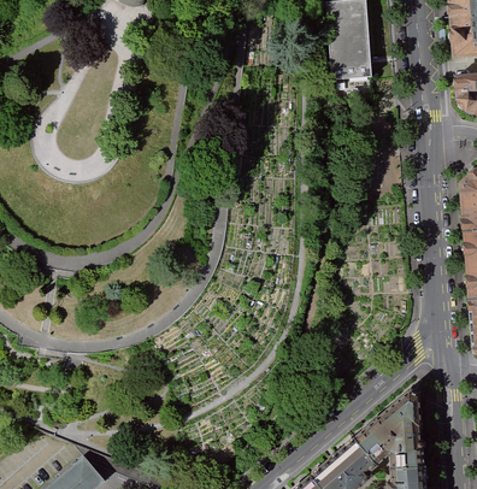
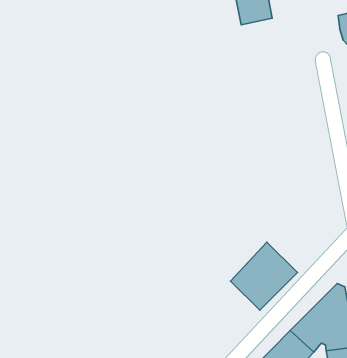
building: none -> [231,242,297,310]

